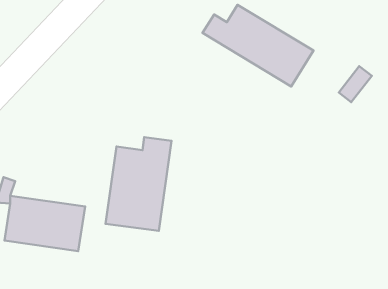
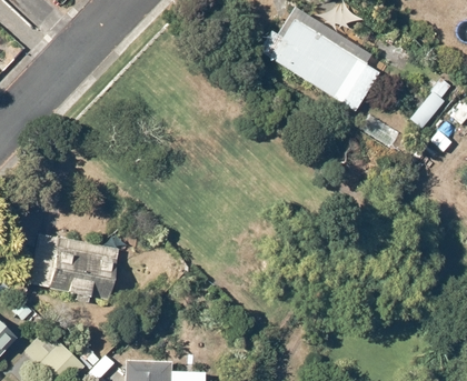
building: [106,137,172,231] -> none

